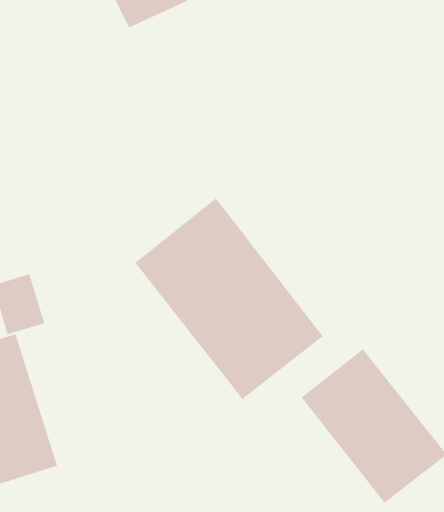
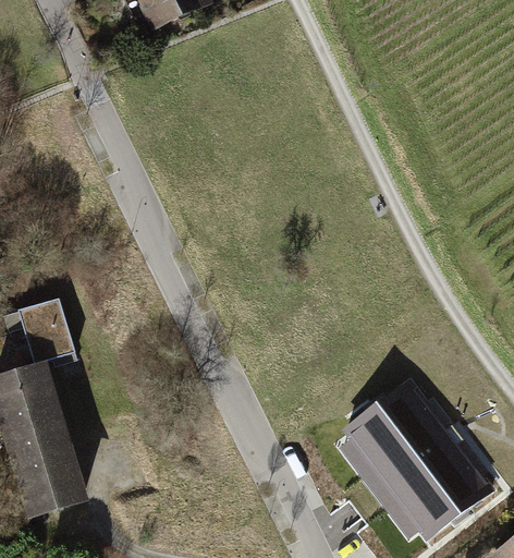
building: [135,198,323,400] -> none

